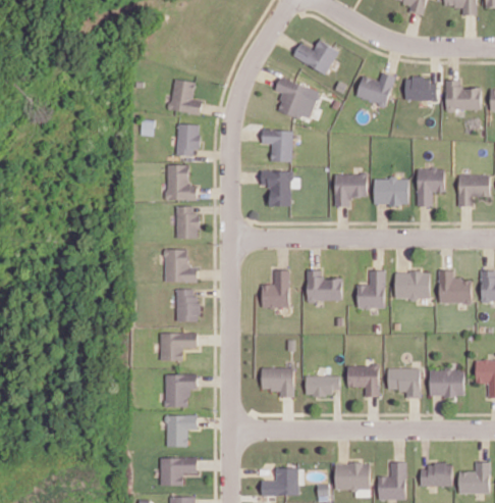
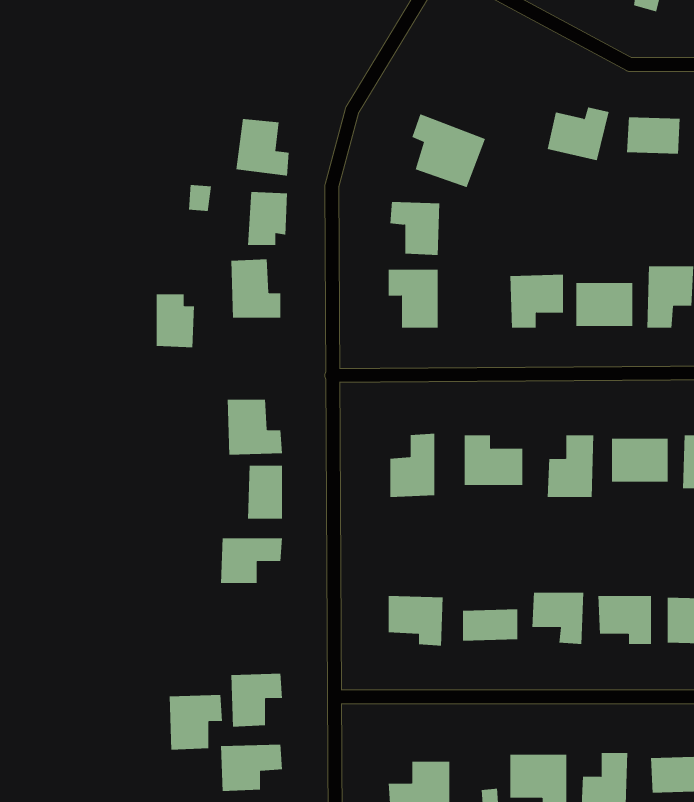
building: [292,39,339,74] -> none
building: [176,206,200,239] -> [156,294,195,348]
building: [165,373,198,407] -> [169,694,223,750]

